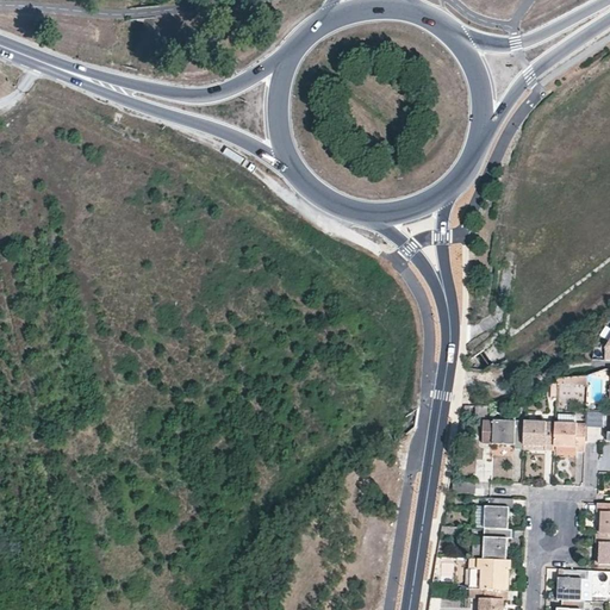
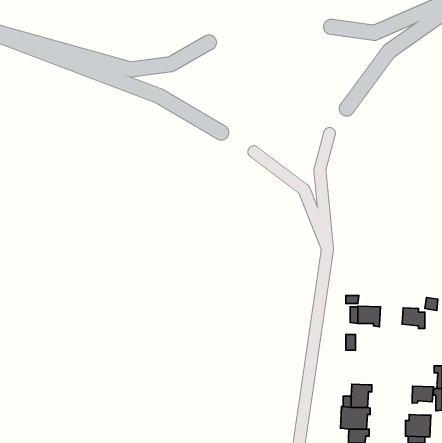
building: [522,422,554,450] -> none
building: [484,498,512,529] -> none
building: none -> [412,386,433,403]

